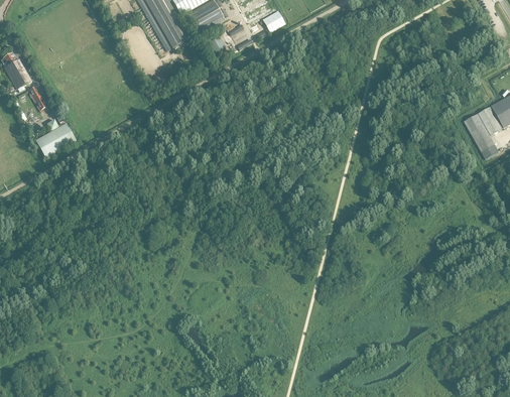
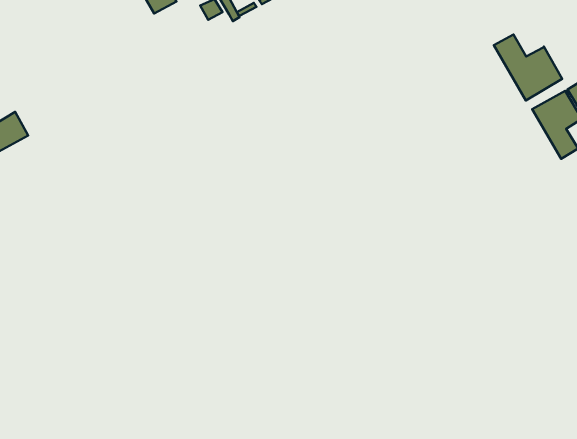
building: none -> [494,34,562,100]

